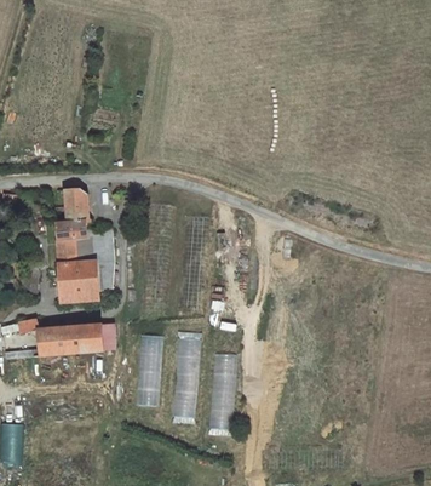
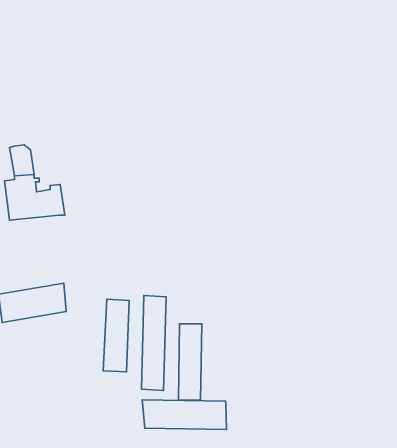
building: [47,253,107,298] -> none
building: none -> [142,400,226,430]

